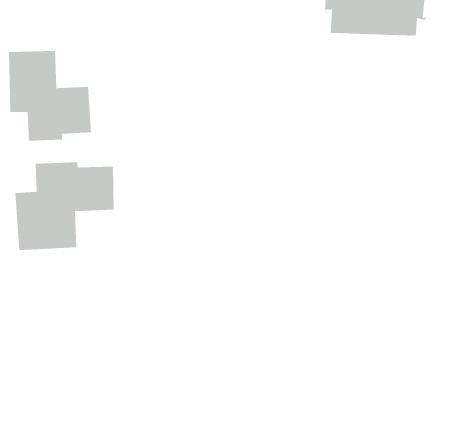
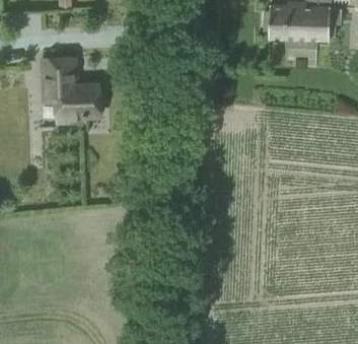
building: [15,161,114,251] -> none

